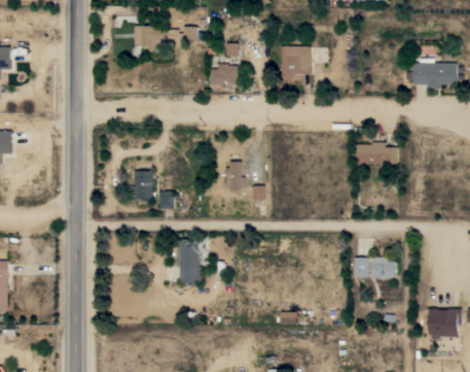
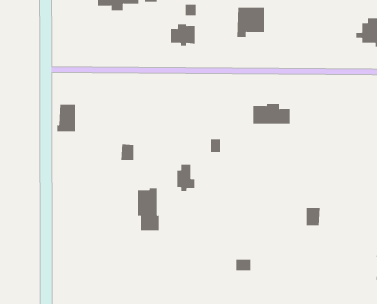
building: [357,142,397,164] -> [252,104,290,124]
building: [225,162,245,191] -> [177,164,195,192]
building: [132,171,152,200] -> [56,104,76,132]
building: [372,257,396,278] -> none

